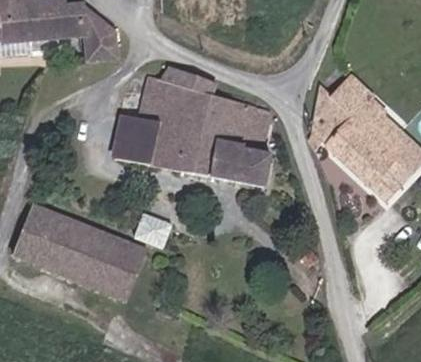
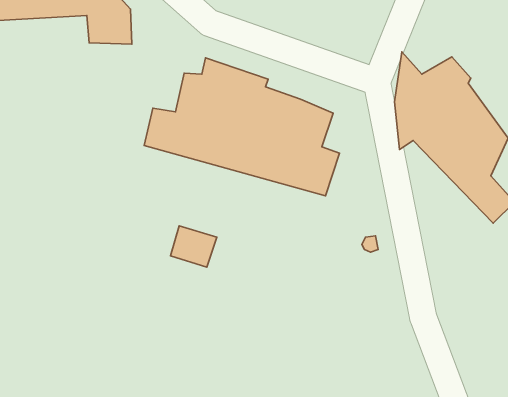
building: [12,194,144,293] -> none

